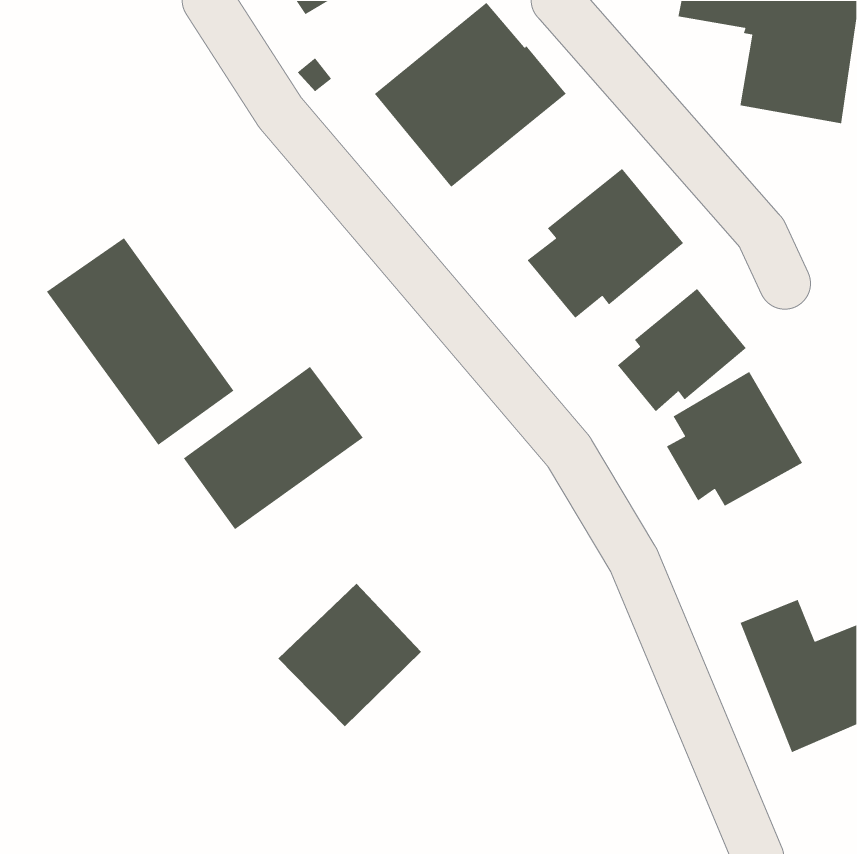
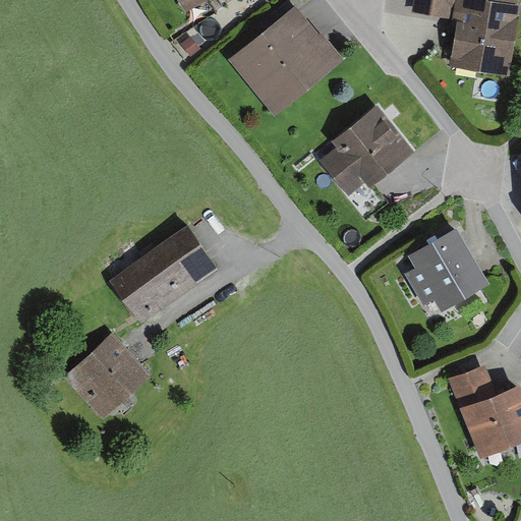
building: [46,237,234,446] -> none
building: [617,288,747,412] -> none
building: [278,583,422,727] -> [64,333,152,420]

